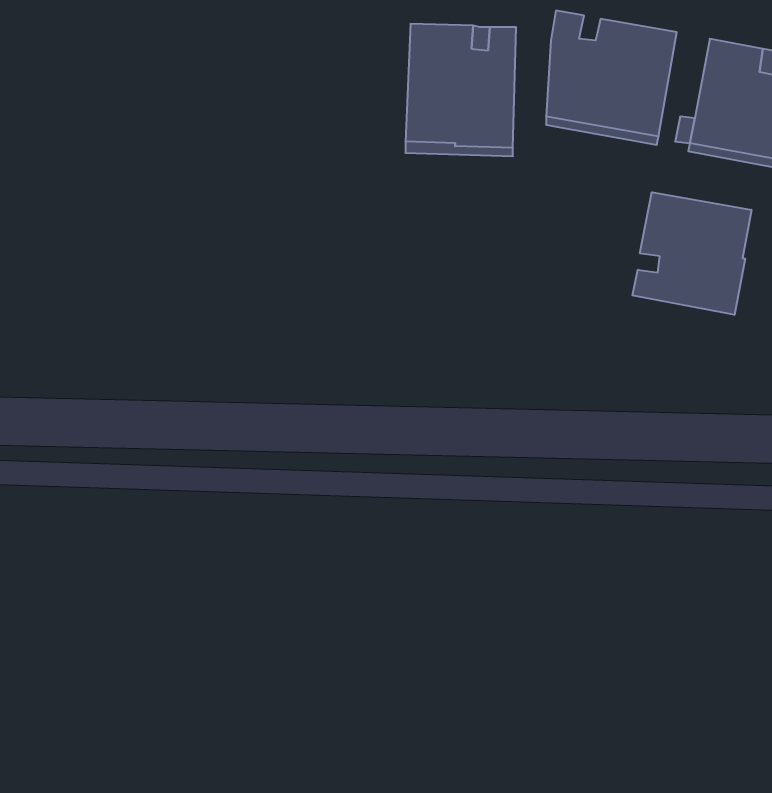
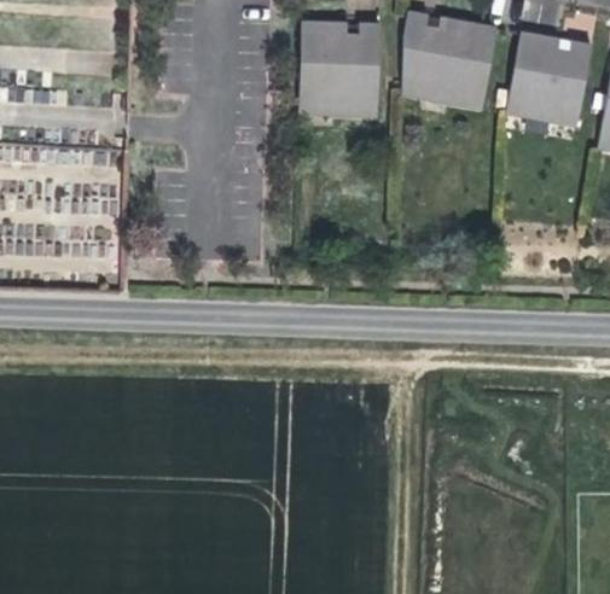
building: [632,192,751,315] -> none

